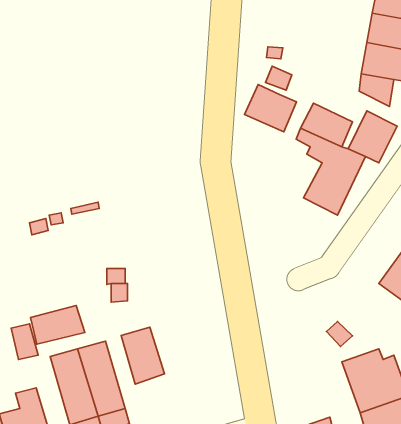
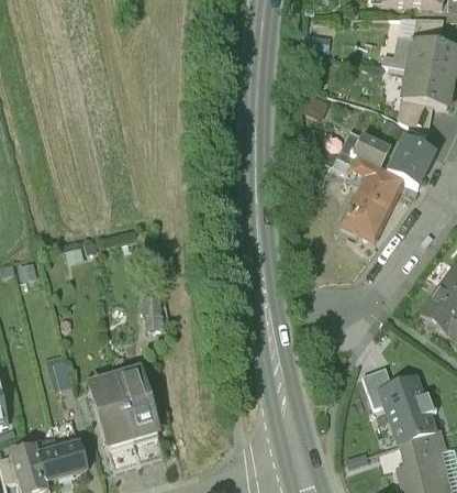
building: [245,84,296,132] -> none
building: [31,305,85,344] -> none
building: [121,327,165,384] -> none

